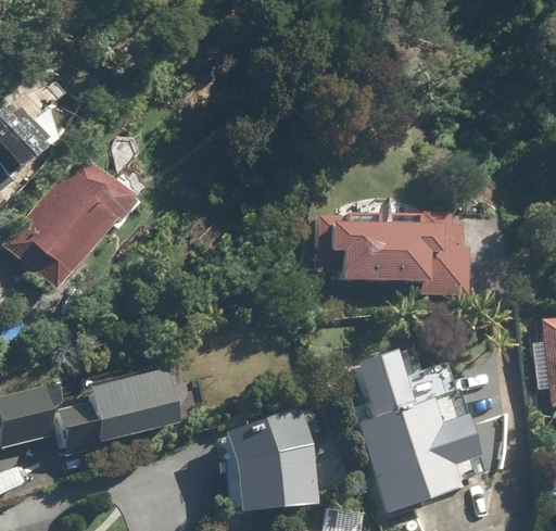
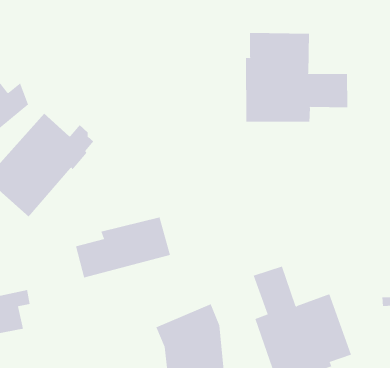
building: none -> [246,32,348,122]
building: [316,205,467,289] -> none
building: [54,372,181,454] -> [75,217,171,278]

